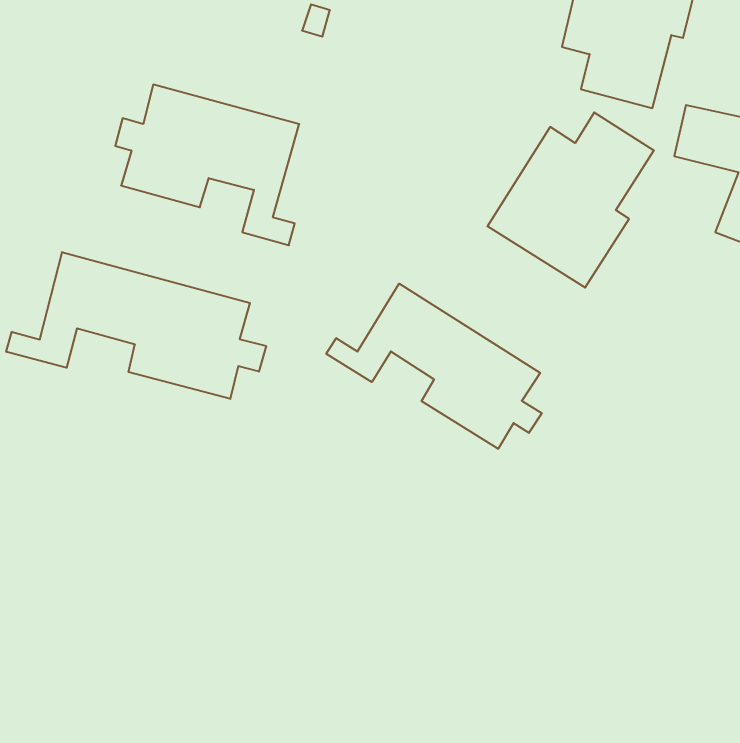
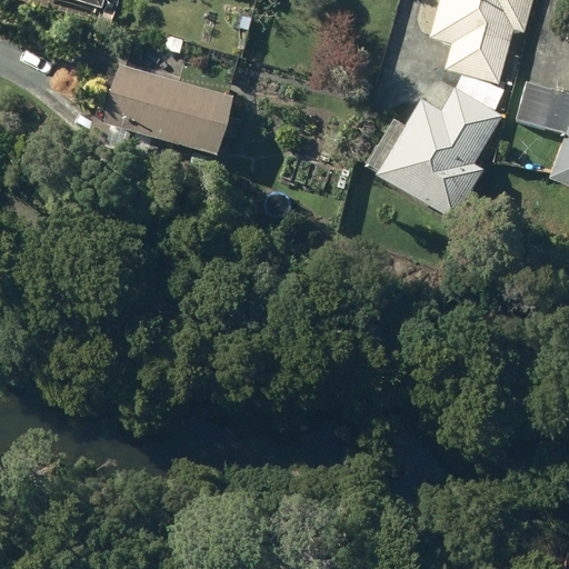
building: [6,252,266,399] -> none
building: [326,284,542,449] -> none

